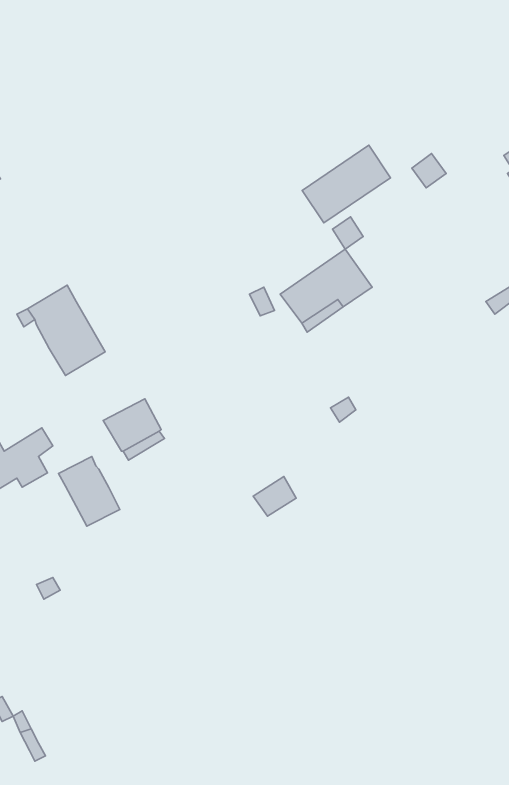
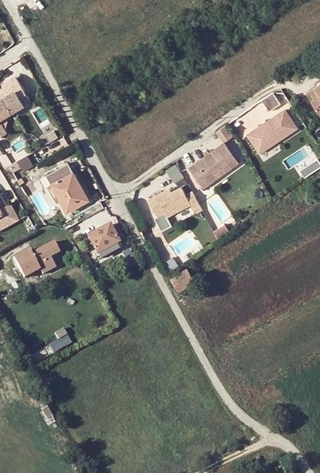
building: [302,145,391,223] -> [245,108,294,151]
building: none -> [148,185,202,230]
building: [59,457,120,526] -> none

